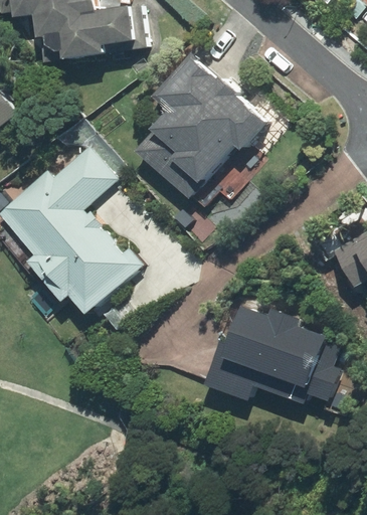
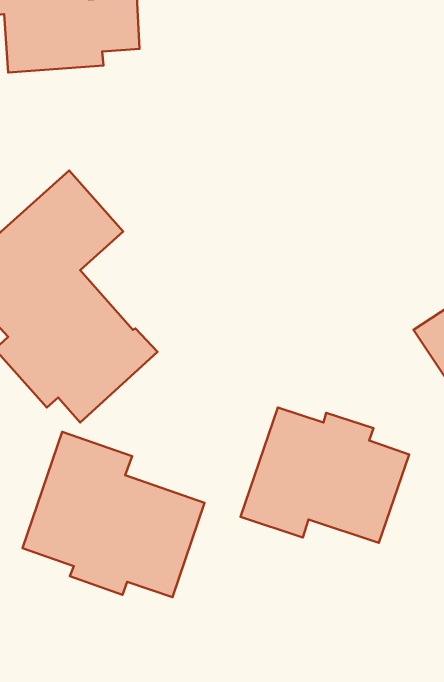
building: [136,53,268,196] -> none
building: none -> [23,432,205,597]

